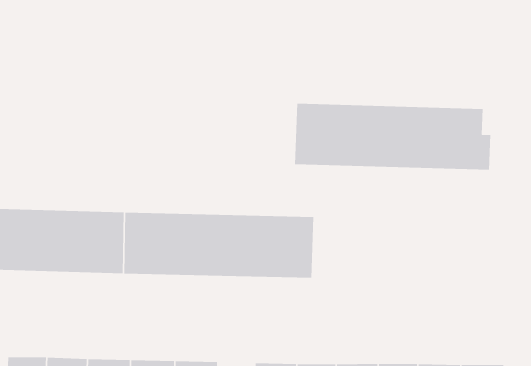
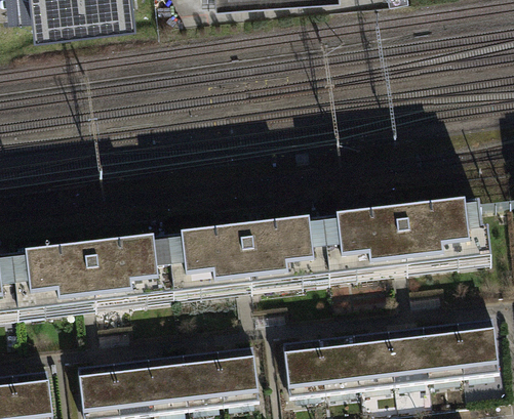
building: [294,103,491,170] -> [310,209,478,277]

